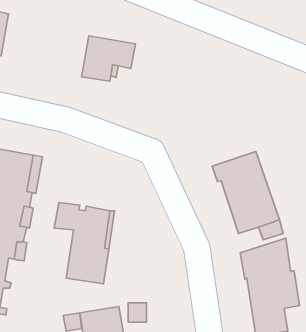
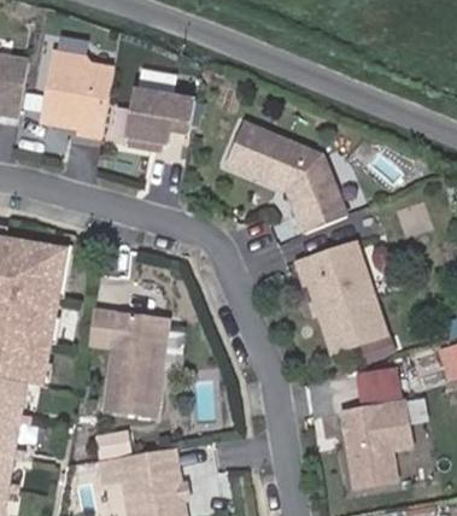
building: none -> [43,53,113,136]
building: none -> [225,122,346,231]

